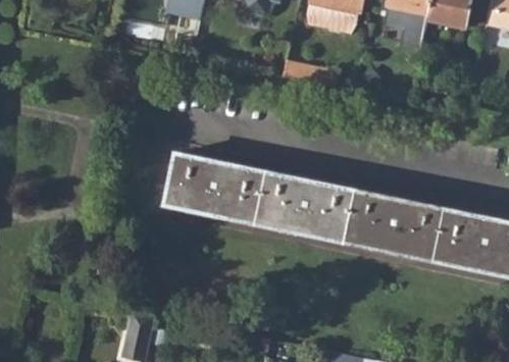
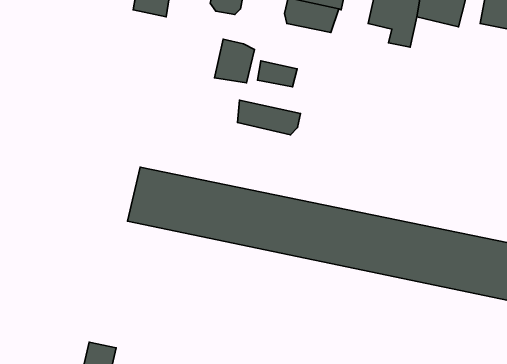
building: none -> [215,39,255,83]
building: none -> [238,100,301,135]

